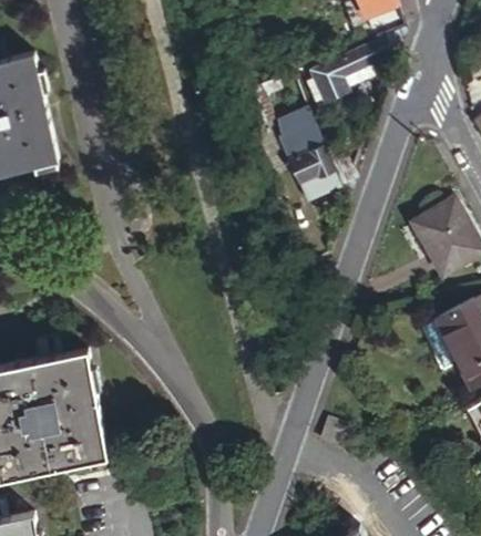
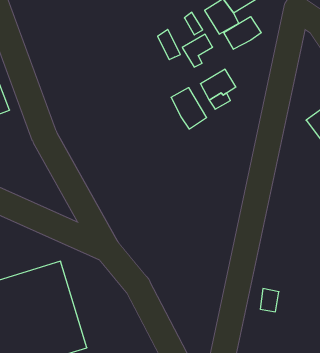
building: none -> [224,17,261,49]
building: none -> [171,88,207,129]

